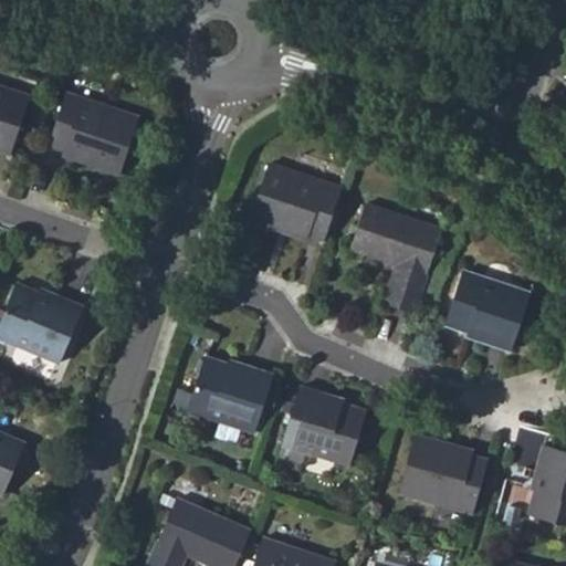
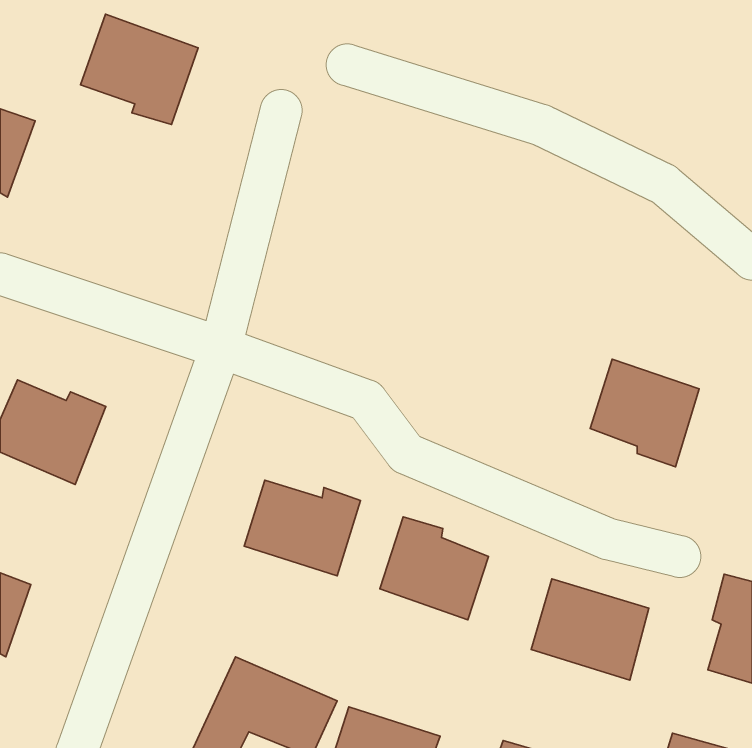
building: [48,88,136,171] -> [80,14,198,124]
building: [251,160,347,239] -> none
building: [352,206,437,312] -> none

